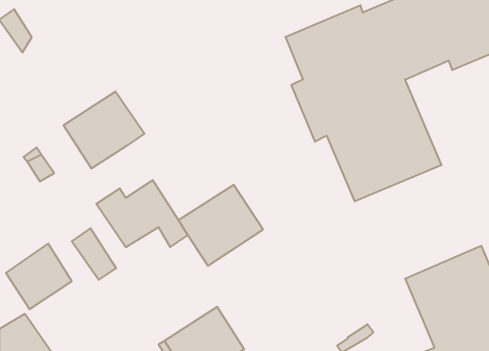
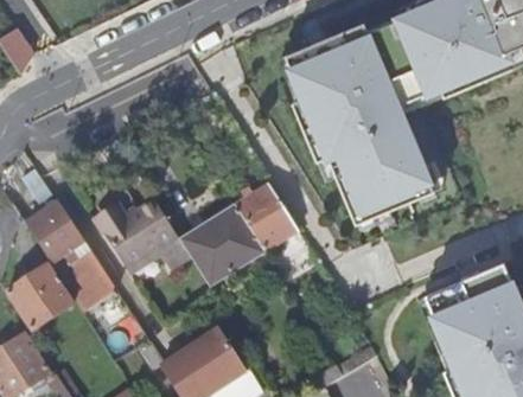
building: [64,91,144,169] -> none
building: none -> [237,184,299,250]
building: none -> [28,203,87,262]

